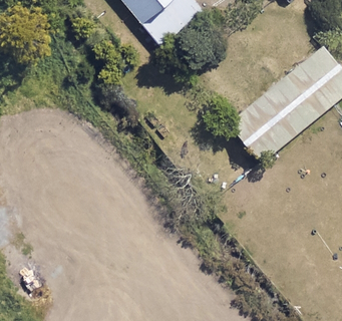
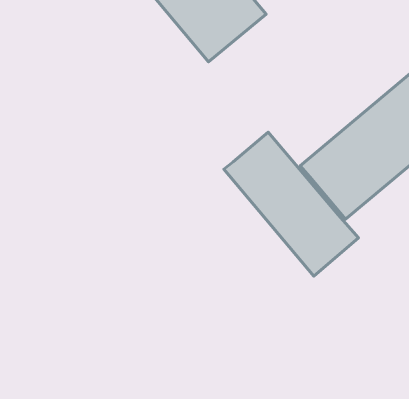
building: none -> [224,132,358,276]

